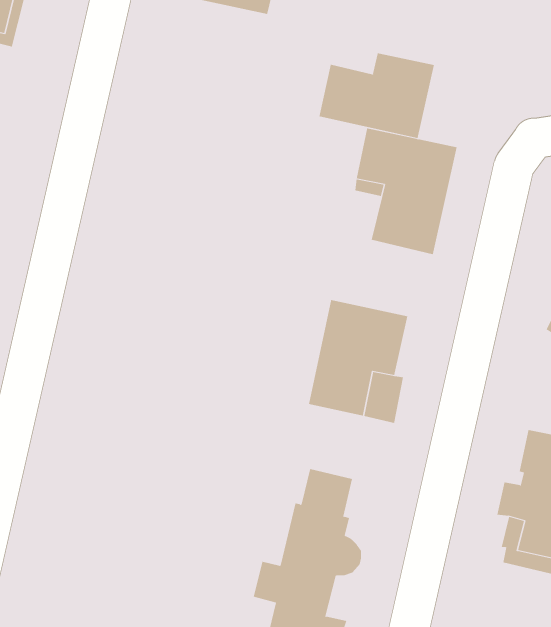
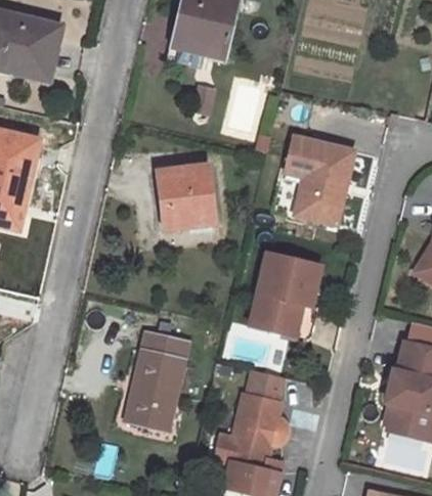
building: [319,53,435,139] -> none
building: none -> [157,164,213,228]
building: none -> [126,331,188,430]

